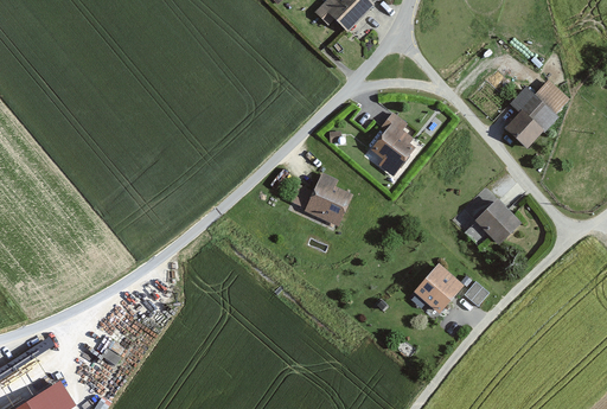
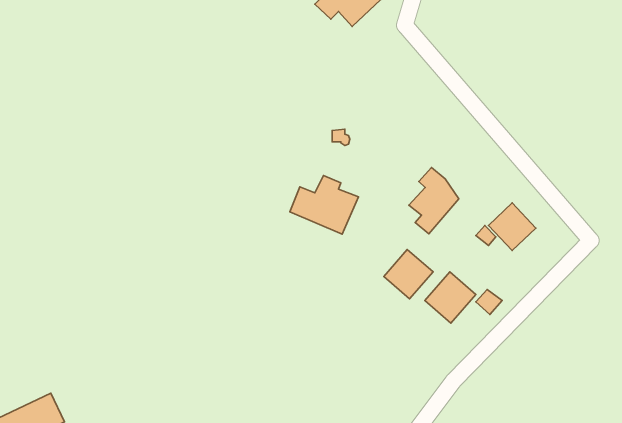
building: [505,78,569,146] -> none
building: [370,113,417,175] -> [409,168,459,234]
building: none -> [384,249,433,299]

